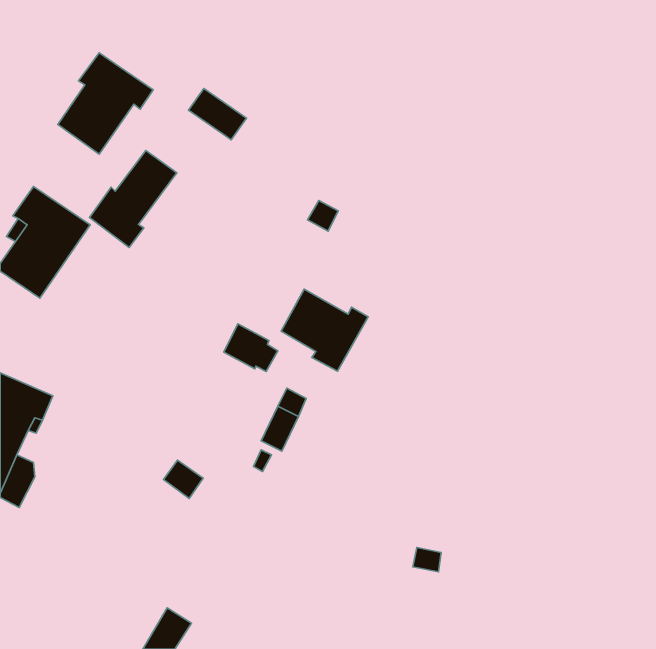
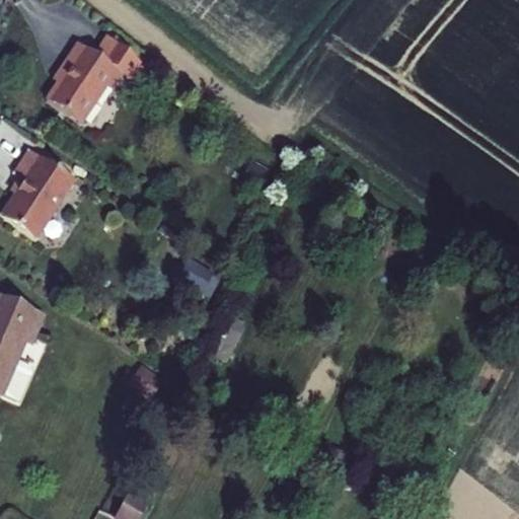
building: [189,88,246,140] -> [95,35,141,76]
building: [90,150,177,247] -> none
building: [281,289,368,371] -> none

